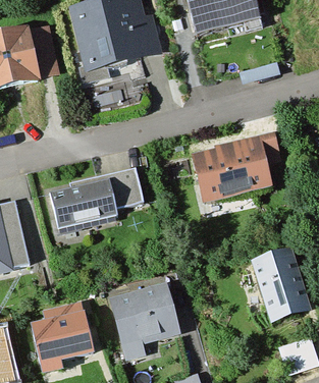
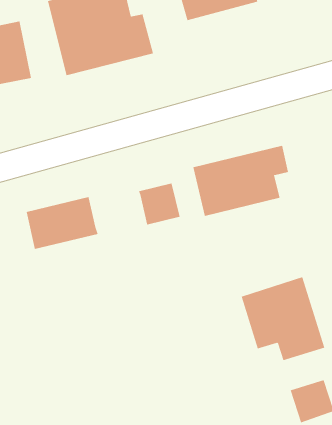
building: [105,169,142,206] -> [138,183,180,225]
building: [110,282,180,363] -> none
building: [34,312,88,357] -> none

